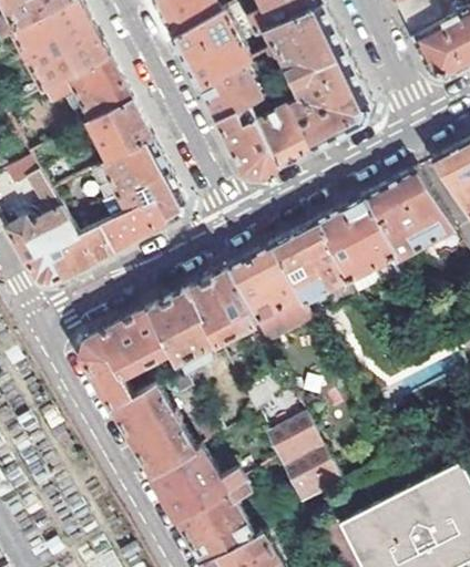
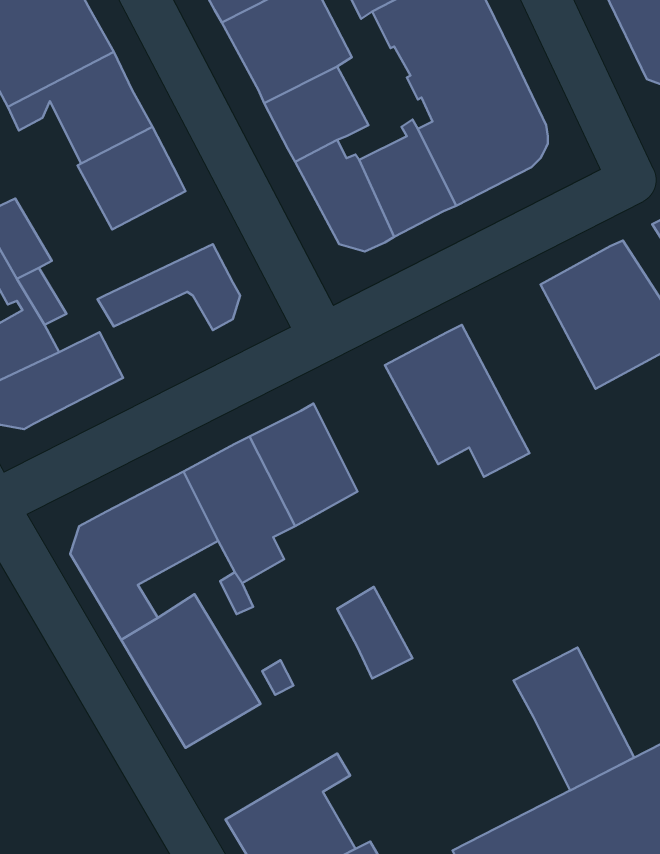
building: [85,141,167,204] -> none
building: [318,197,406,287] -> none
building: [99,202,167,254] -> none
building: [228,246,310,334] -> none
building: [265,419,338,505] -> [513,647,634,790]
building: [151,449,243,520] -> none

